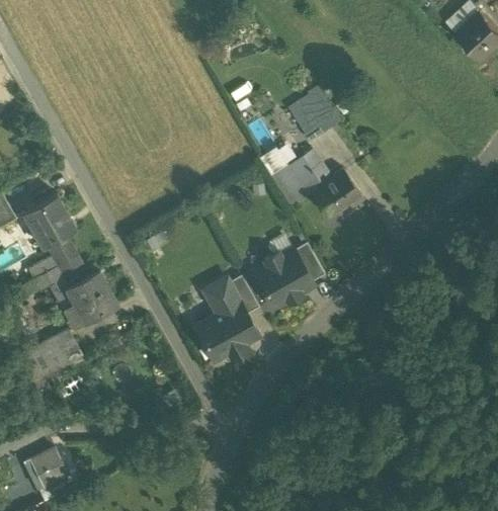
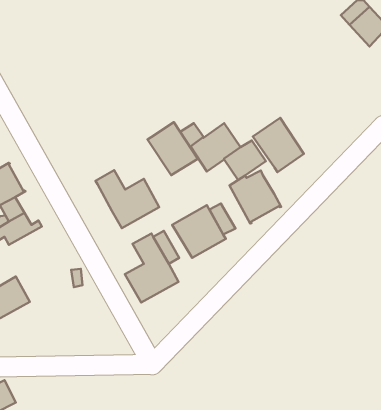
building: [287,88,338,141] -> none
building: none -> [253,118,304,172]
building: none -> [148,122,198,175]
building: none -> [95,170,159,228]
building: none -> [229,170,281,224]
building: [56,269,118,329] -> none

